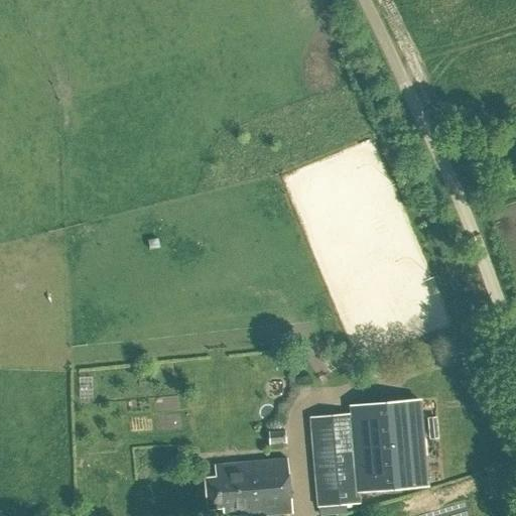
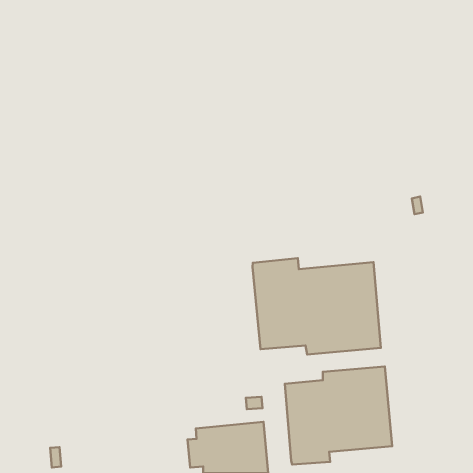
building: none -> [253,258,381,354]

